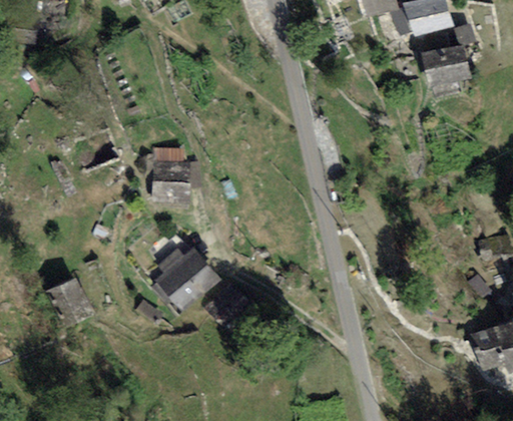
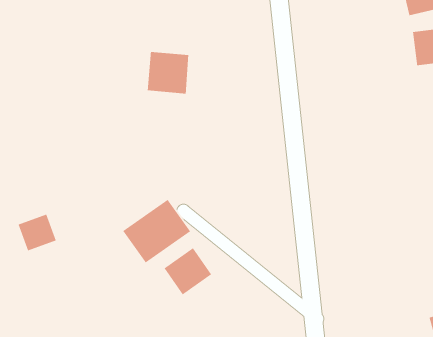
building: [150,160,191,201] -> [147,51,189,94]
building: none -> [163,247,212,295]

